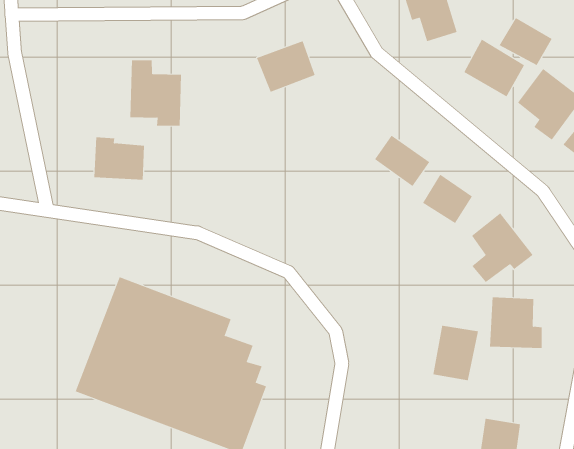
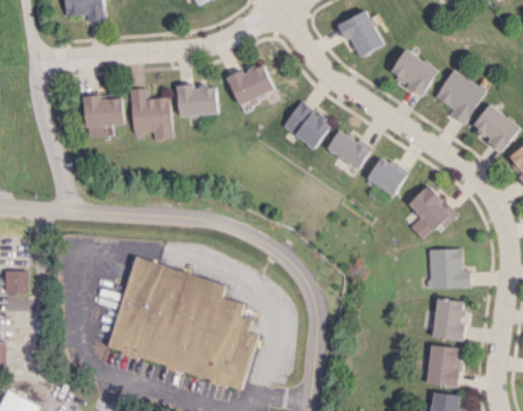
building: [499,17,552,66] -> none
building: none -> [178,84,218,116]
building: none -> [282,101,332,149]
building: [94,137,145,180] -> [84,95,125,127]
building: [433,325,479,381] -> [432,298,465,340]

